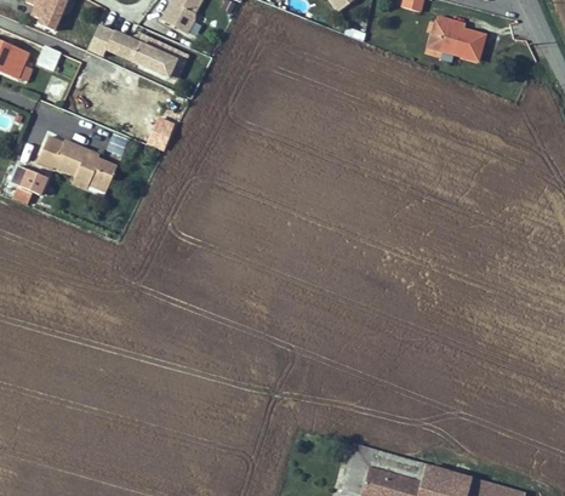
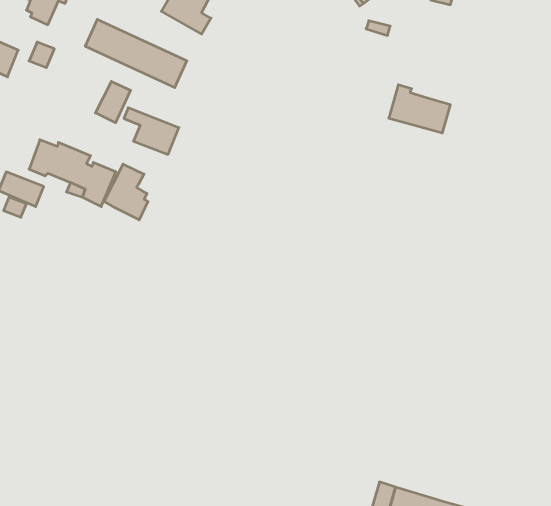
building: [429,16,485,59] -> [389,85,450,133]
building: none -> [95,81,131,123]
building: none -> [104,164,148,220]

